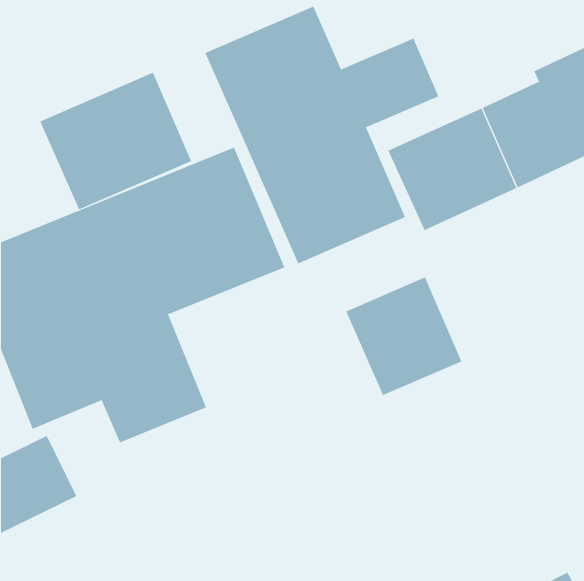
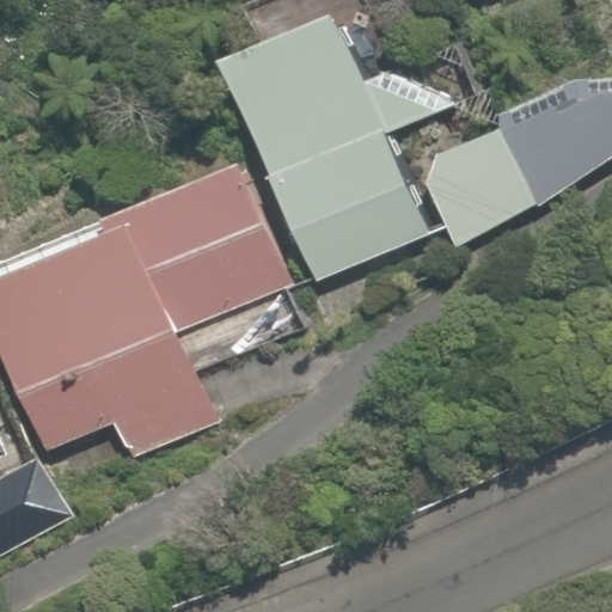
building: [39,72,192,210] -> none
building: [345,276,462,396] -> none

